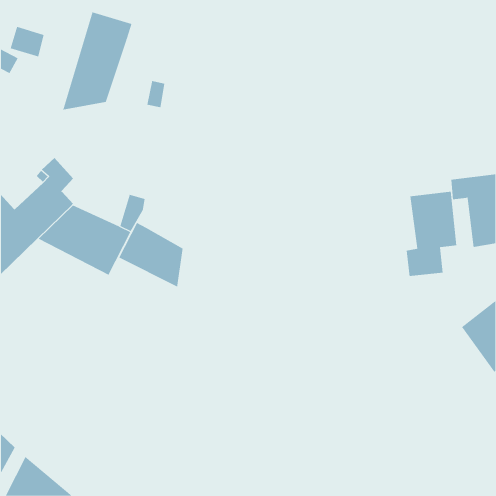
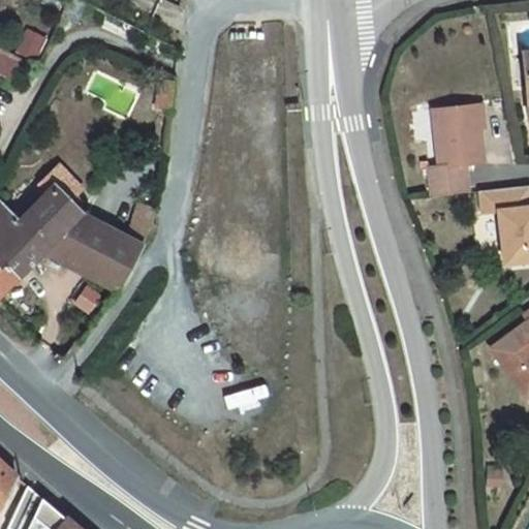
building: [62,11,132,110] -> none
building: [406,191,457,277] -> [428,104,483,195]
building: [119,222,183,288] -> none

